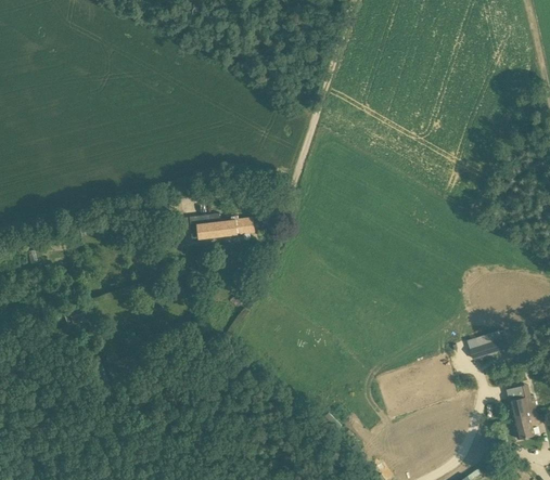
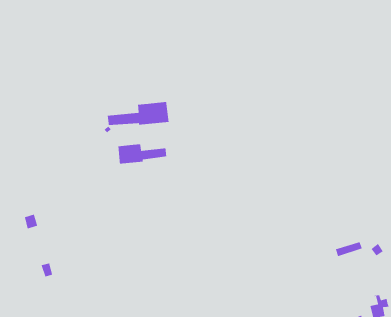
building: none -> [107,101,169,126]
building: [508,385,537,421] -> none

